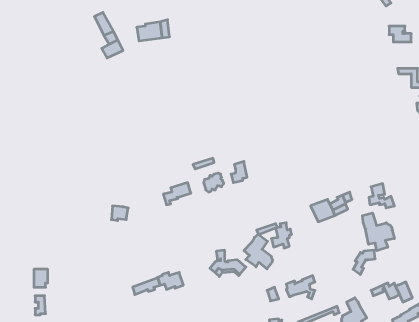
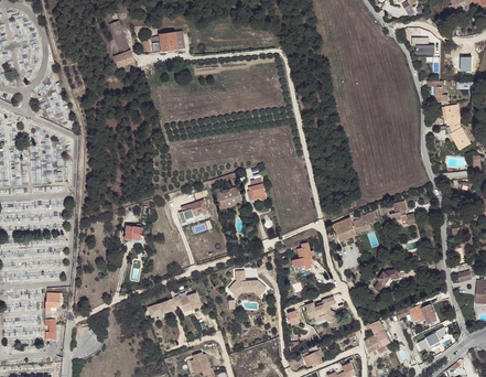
building: [362,213,394,251] -> none
building: [244,234,272,269] -> none

